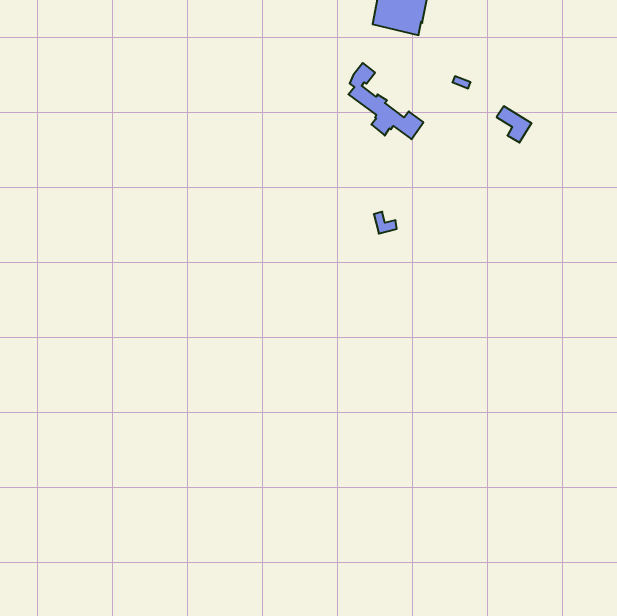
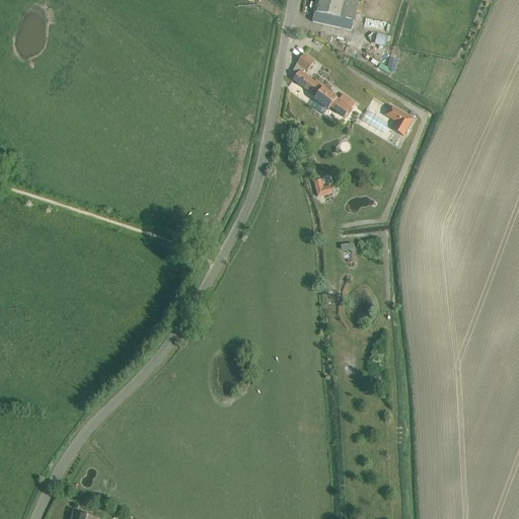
building: [497,106,532,143] -> [384,104,414,135]

